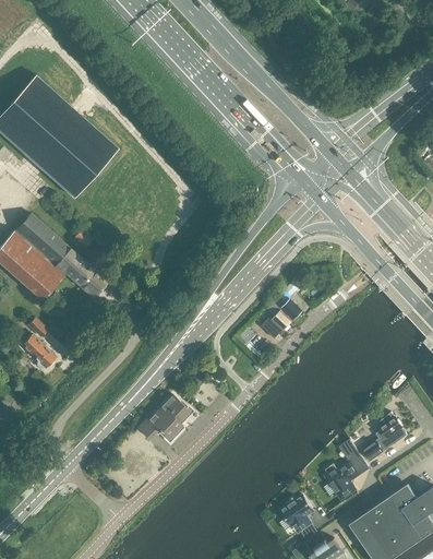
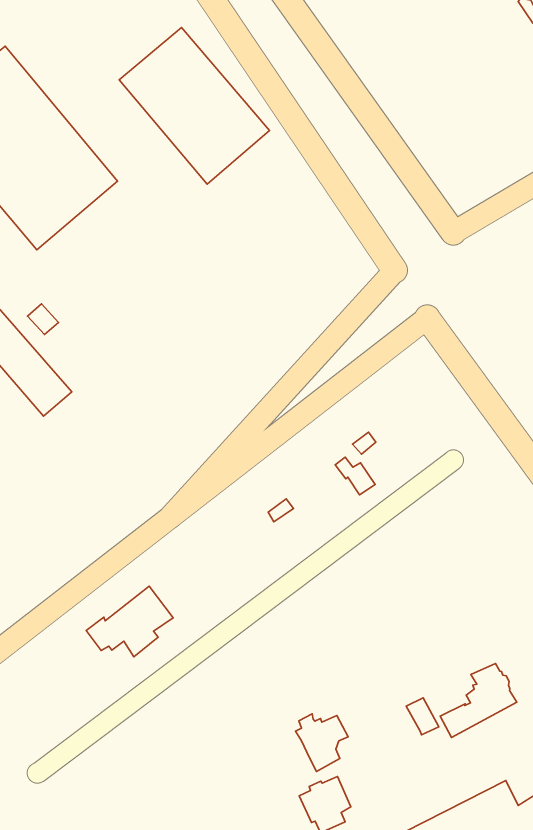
building: none -> [119,28,270,184]
building: [262,305,291,340] -> none
building: [326,464,359,500] -> [296,714,348,771]

